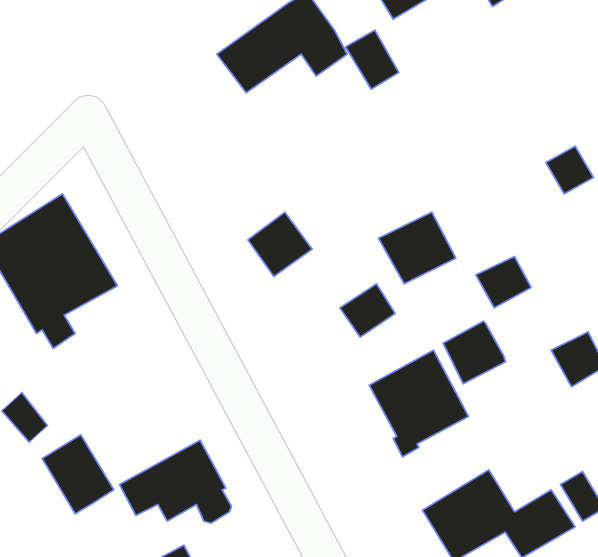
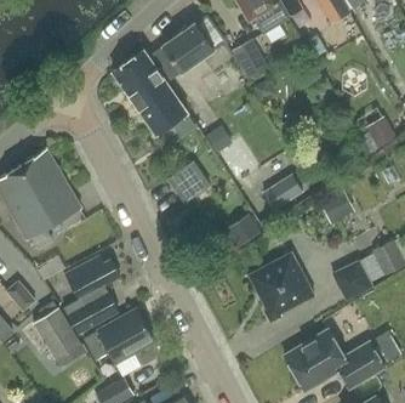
building: none -> [113,51,195,137]
building: [443,321,506,384] -> [330,260,371,301]
building: none -> [63,259,119,336]

